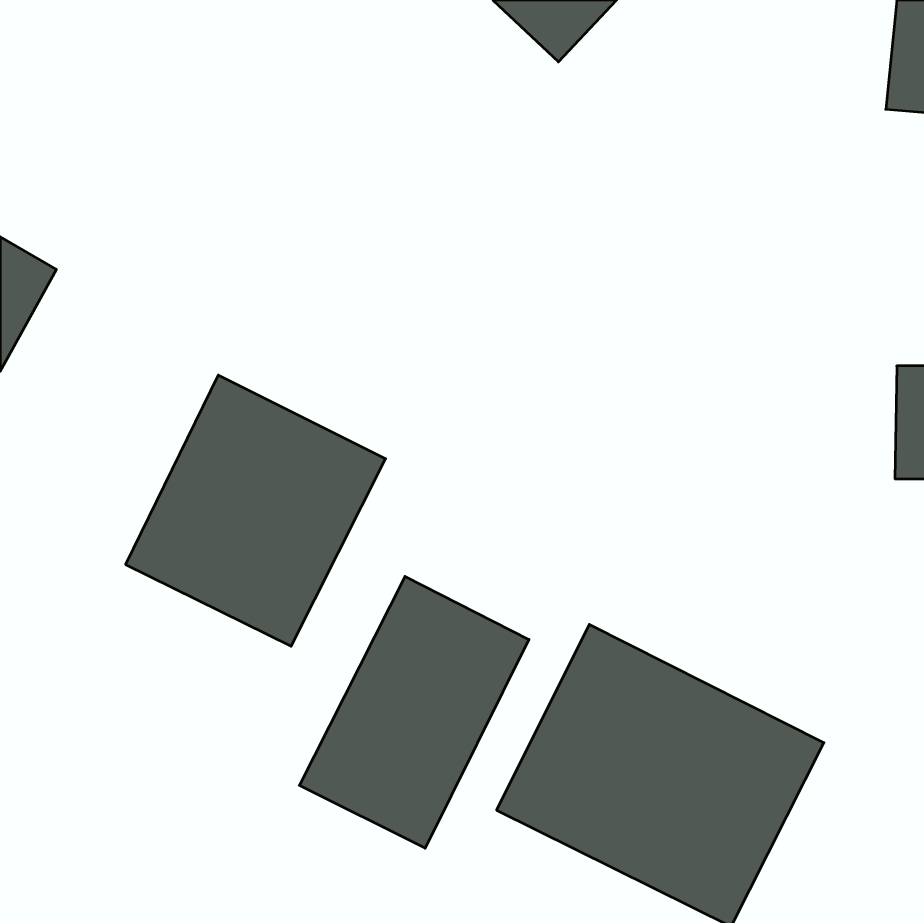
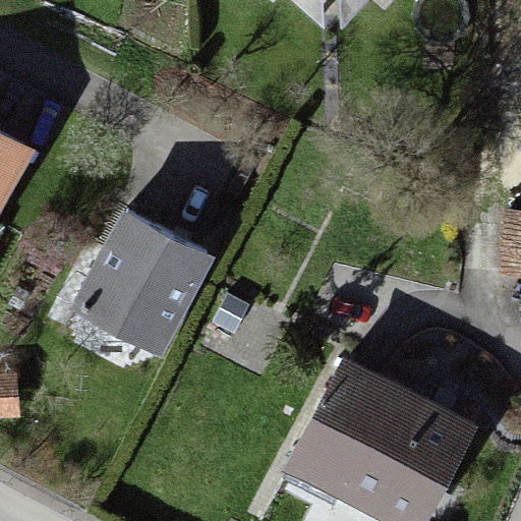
building: [299,576,529,848] -> none

